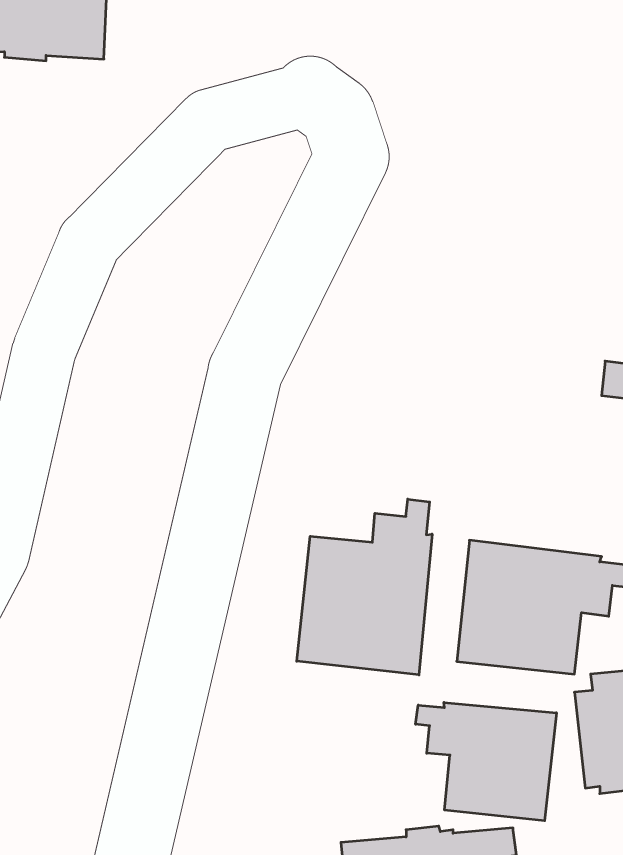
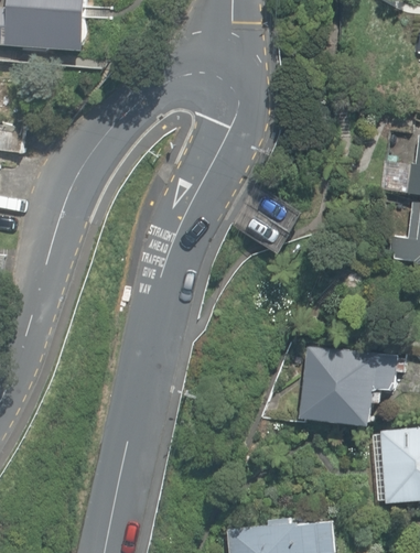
building: [297,499,432,675] -> none
building: [416,702,556,821] -> none

